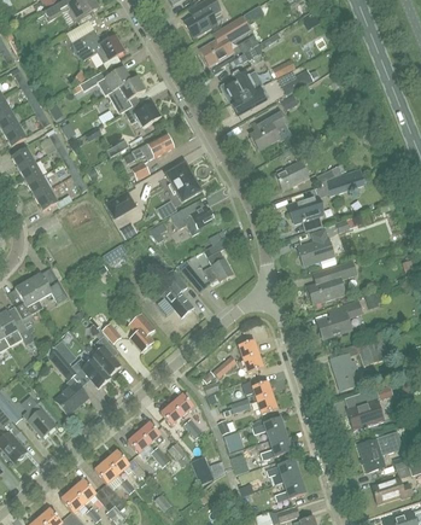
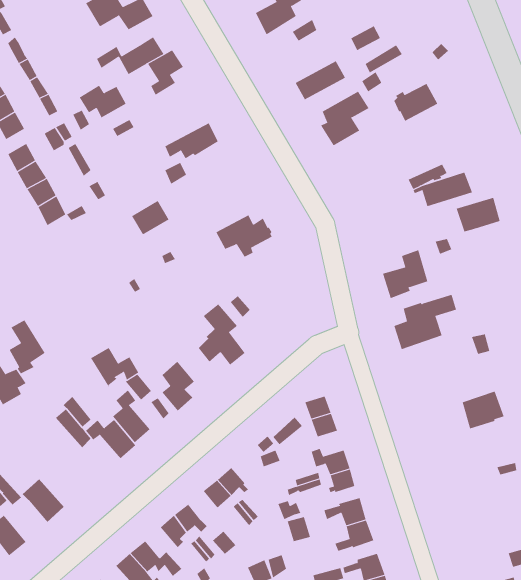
building: [221,71,262,101] -> none
building: [124,101,160,127] -> [79,85,126,118]
building: [275,161,309,189] -> [394,83,438,121]
building: [166,164,201,203] -> none
building: [287,196,321,222] -> [456,197,500,232]
building: [203,240,233,280] -> none
building: [25,273,63,307] -> [90,347,139,392]
building: [318,301,362,337] -> none
building: [329,352,357,390] -> none
building: [54,381,87,414] -> none
building: [346,389,382,426] -> none
building: [358,437,393,471] -> none

